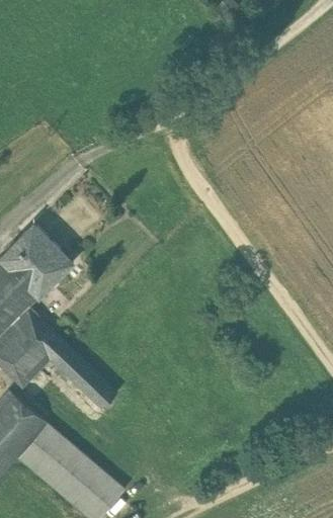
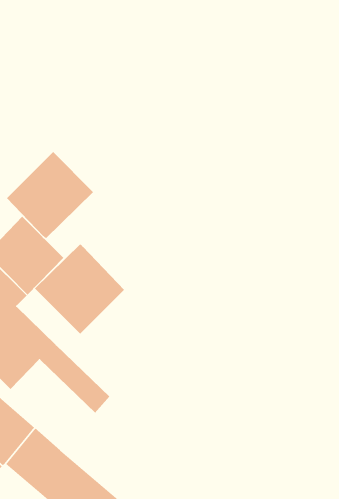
building: none -> [6,151,94,239]
building: none -> [34,244,125,335]

